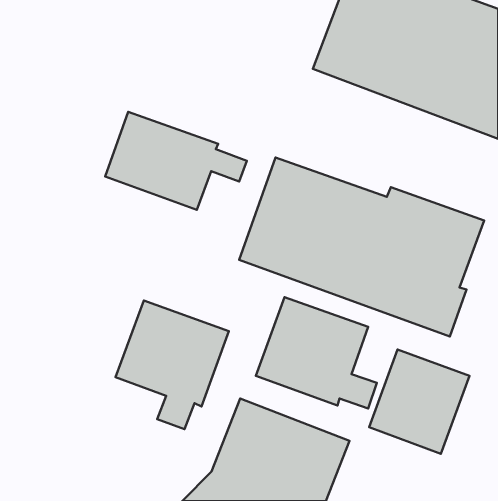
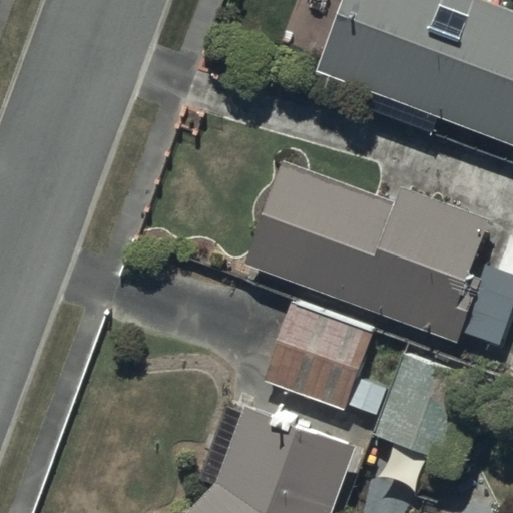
building: [105,112,247,210] -> none
building: [115,300,229,429] -> none

